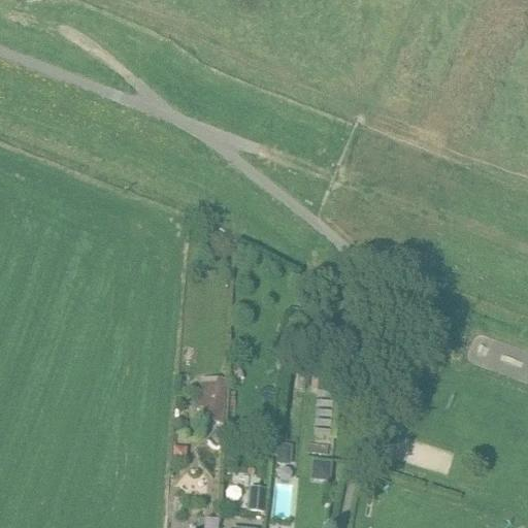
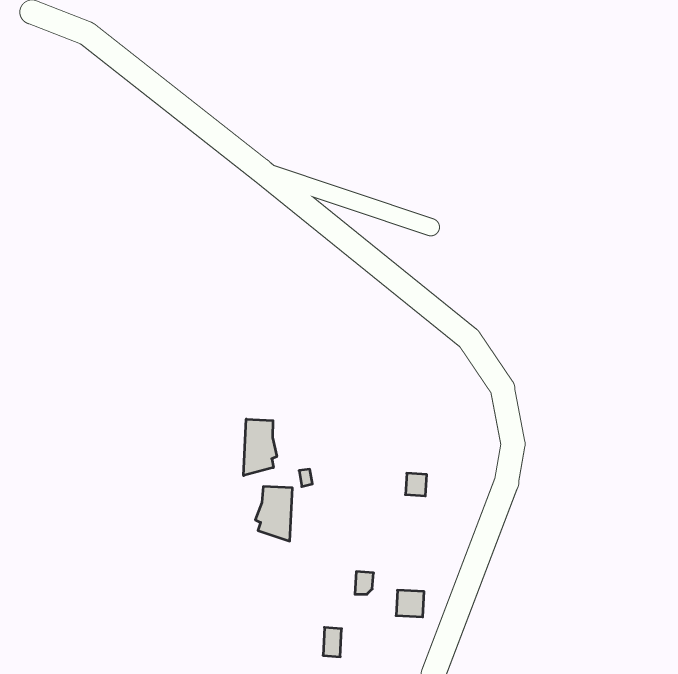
building: none -> [244,419,277,476]

